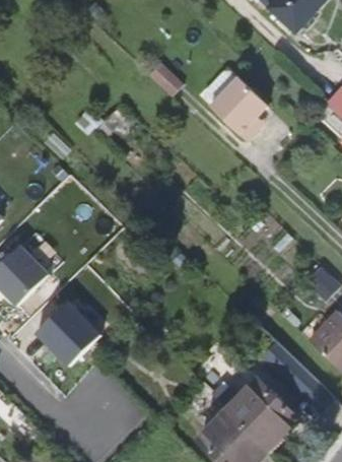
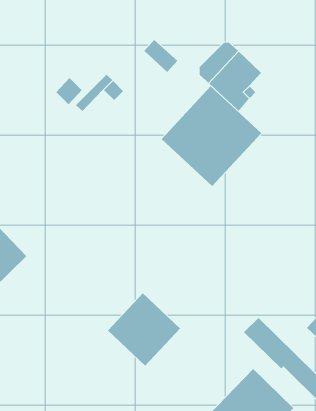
building: none -> [161,86,262,187]
building: [33,295,102,365] -> [107,293,181,366]

